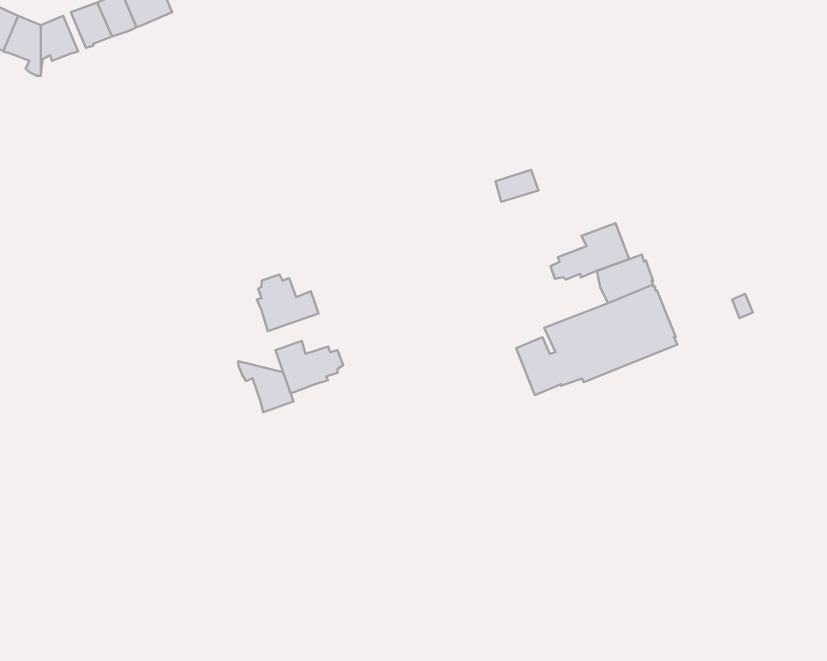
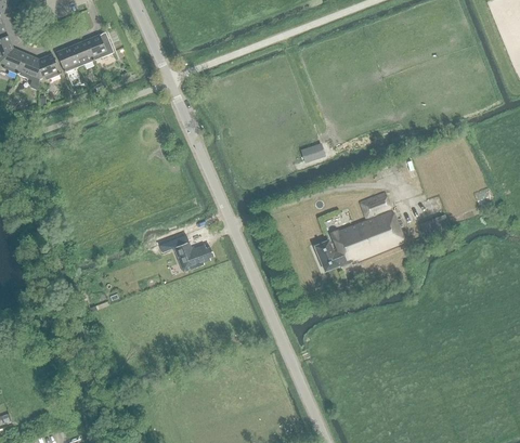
building: [550,223,629,279] -> none
building: [257,275,319,331] -> none
building: [238,361,293,412] -> none

